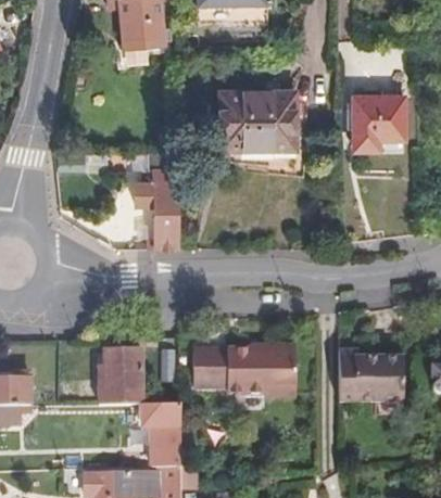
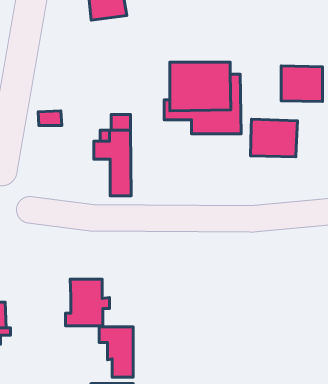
building: none -> [251,119,297,157]
building: [196,345,295,395] -> none
building: [340,352,402,397] -> none

